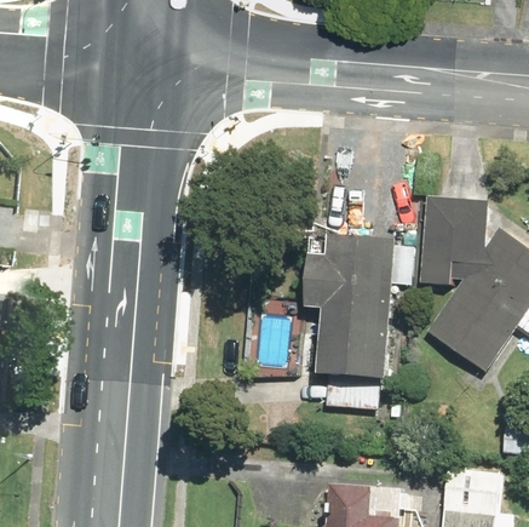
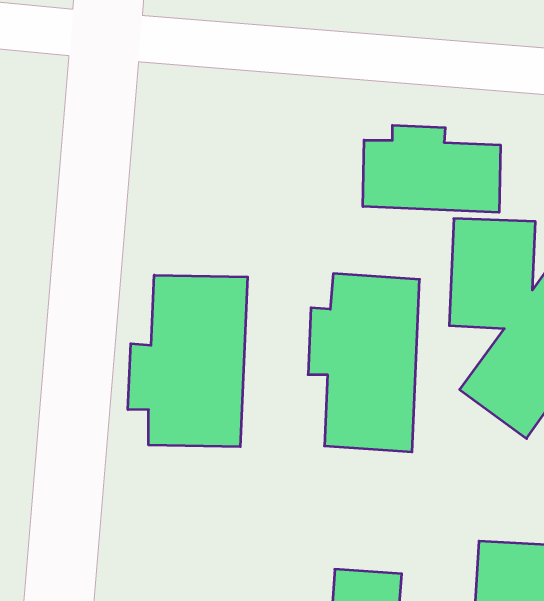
building: none -> [363,125,500,212]
building: none -> [128,275,248,447]

